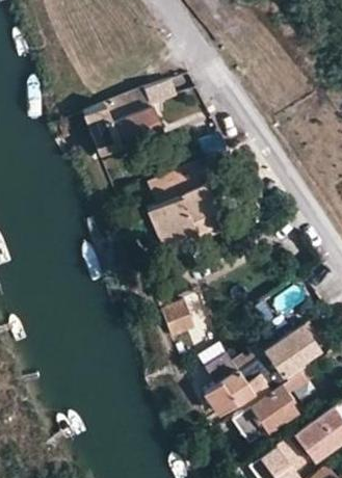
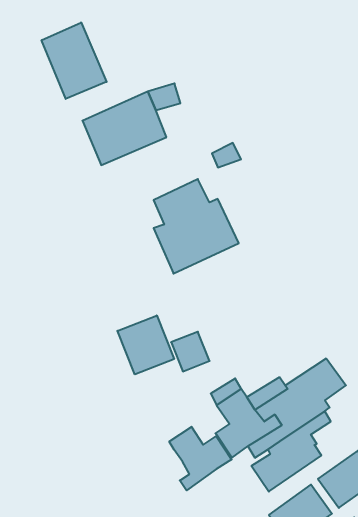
building: none -> [42,22,107,99]
building: none -> [117,315,174,374]
building: none -> [169,427,232,490]

